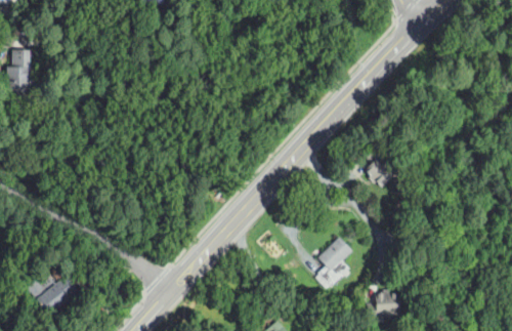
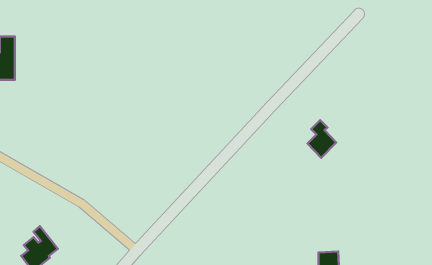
building: [315,236,353,288] -> none

